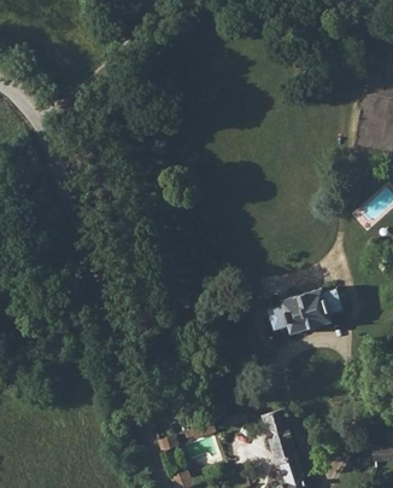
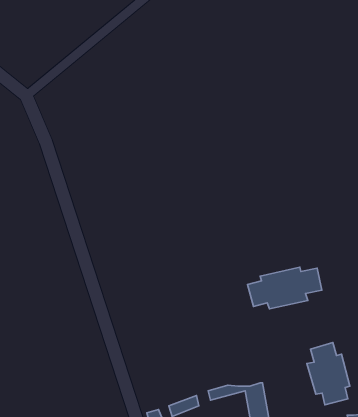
building: none -> [307,342,350,405]

